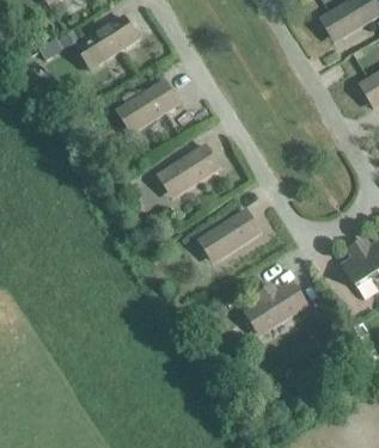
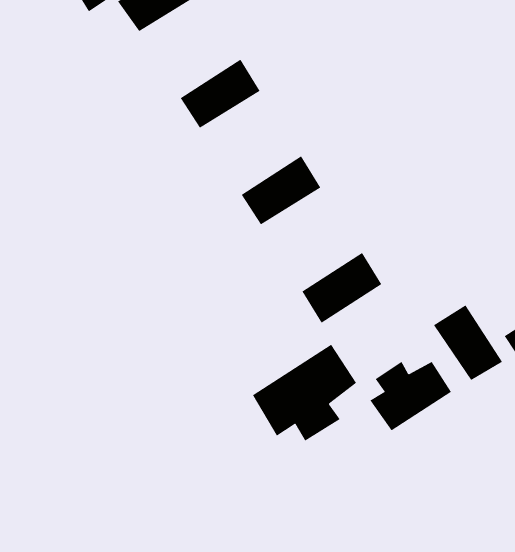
building: none -> [433,304,503,381]
building: none -> [252,344,357,442]

